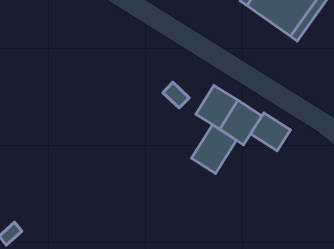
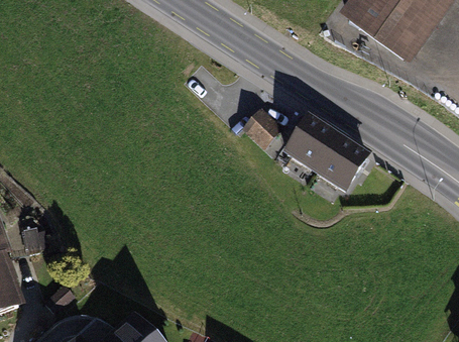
building: [250,113,291,151] -> none
building: [191,125,237,174] -> none

